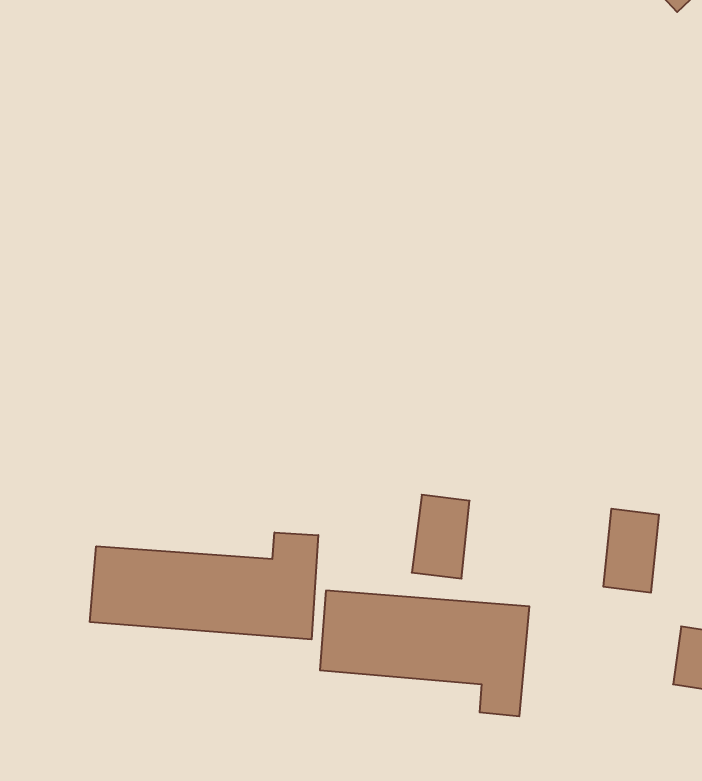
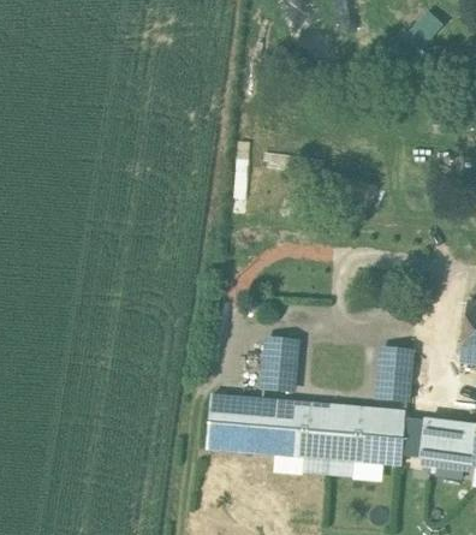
building: [90,532,318,639] -> none
building: none -> [328,408,406,476]

